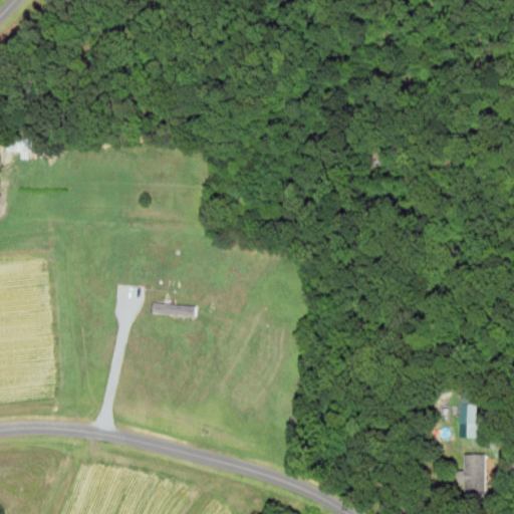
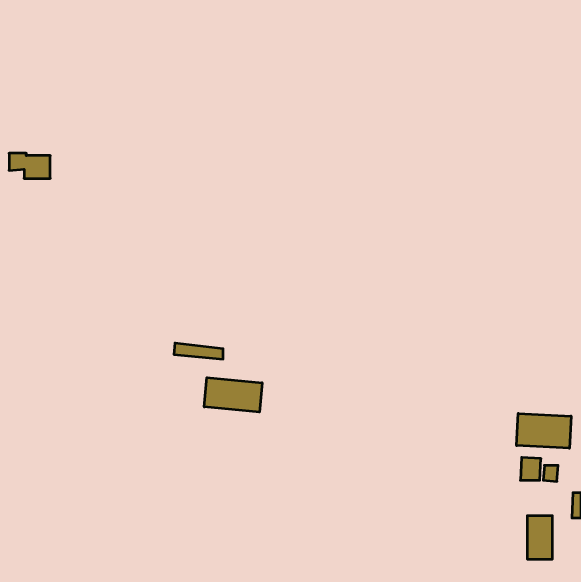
building: none -> [204,378,262,412]
building: none -> [517,413,571,448]

